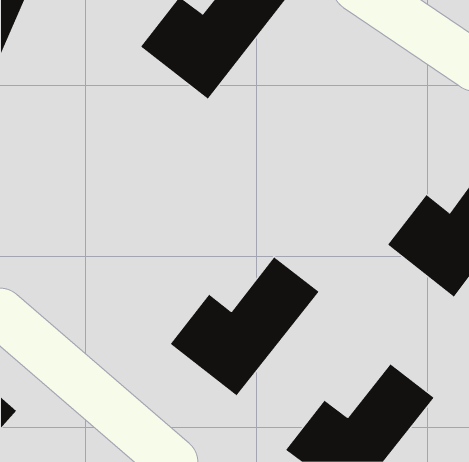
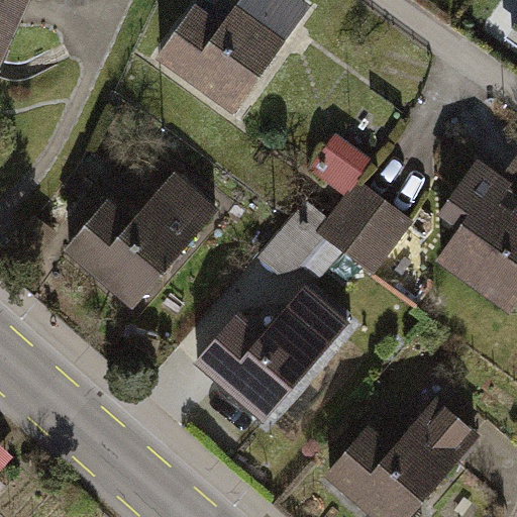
building: none -> [308,126,415,274]
building: none -> [59,166,221,317]

